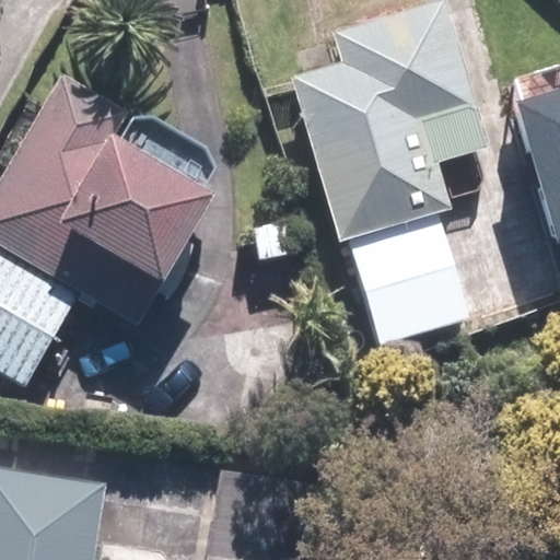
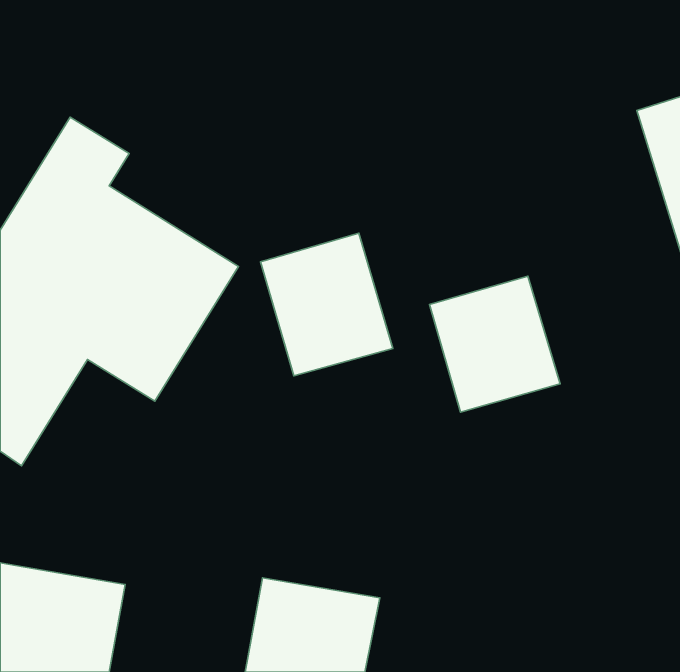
building: [289,18,470,230] -> none
building: none -> [261,233,393,376]

